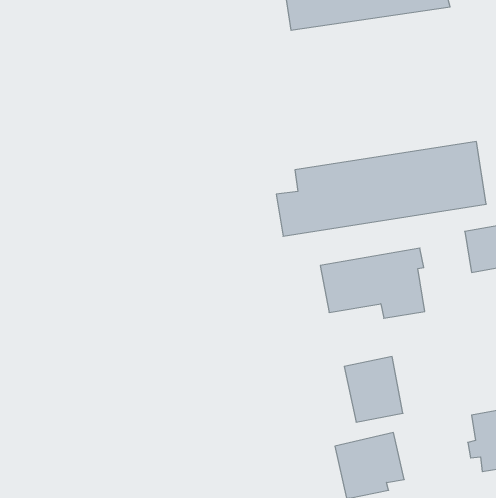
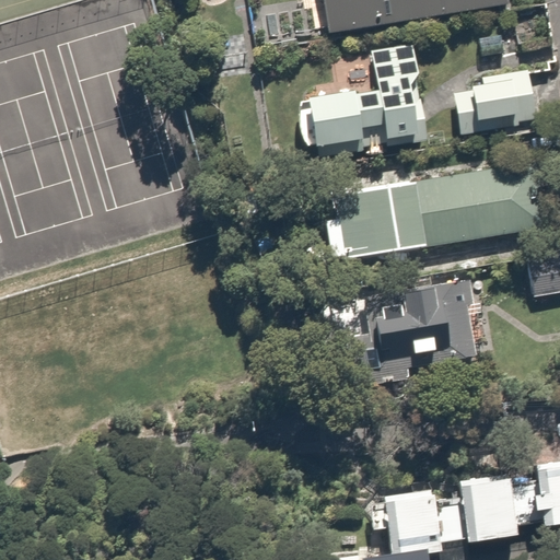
building: none -> [302,39,431,161]
building: none -> [454,73,540,138]
building: [344,357,403,422] -> [454,469,520,542]

